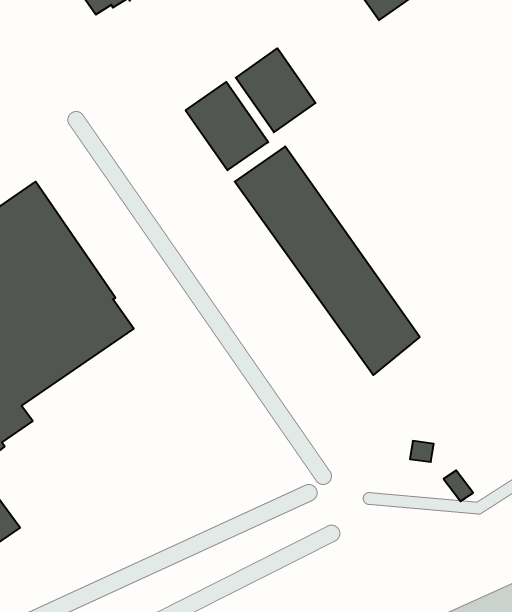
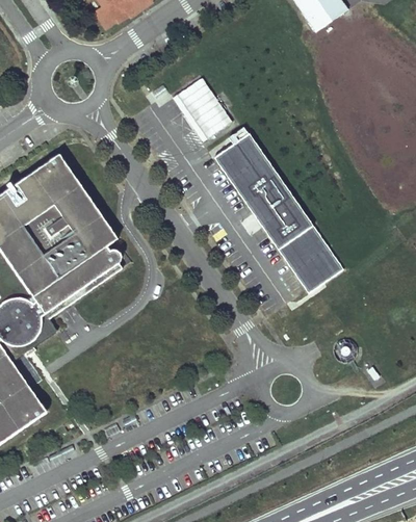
building: [236,48,316,132] -> none

